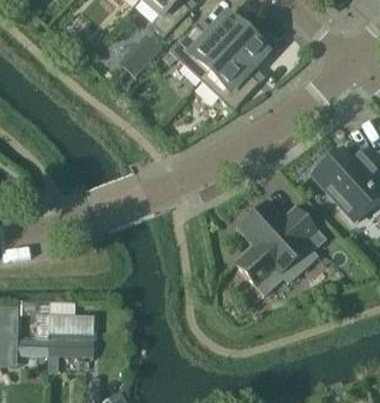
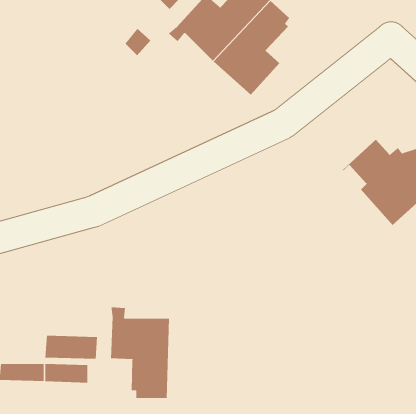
building: [234,198,325,293] -> none
building: none -> [110,306,170,399]

